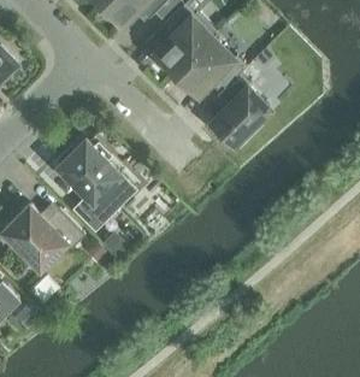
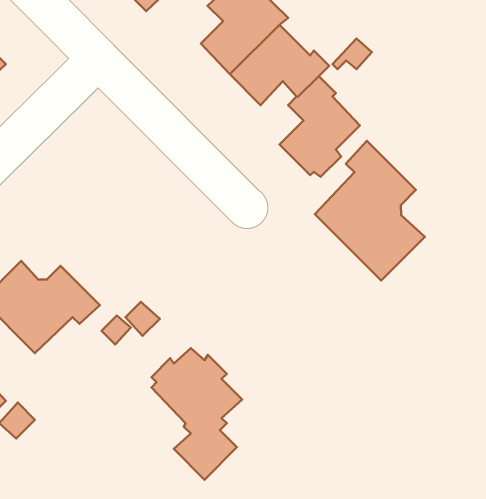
building: none -> [315,141,425,280]
building: [57,140,120,232] -> [151,348,242,480]

